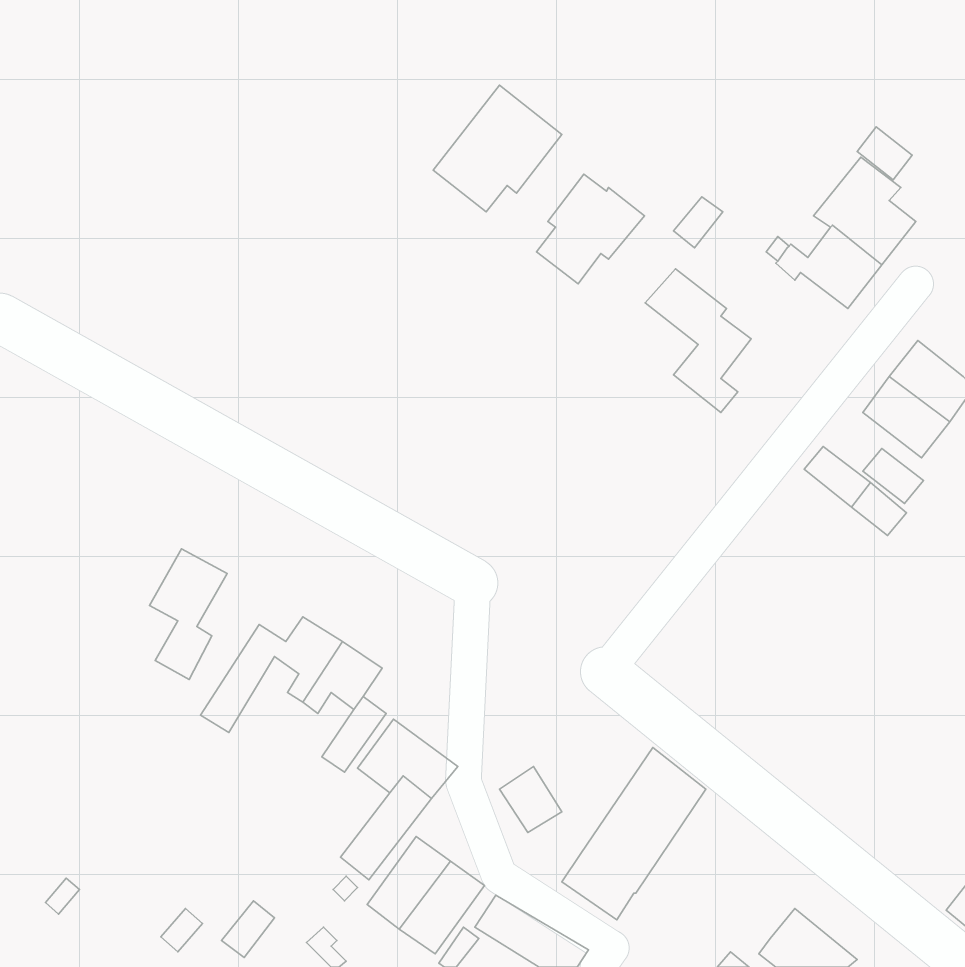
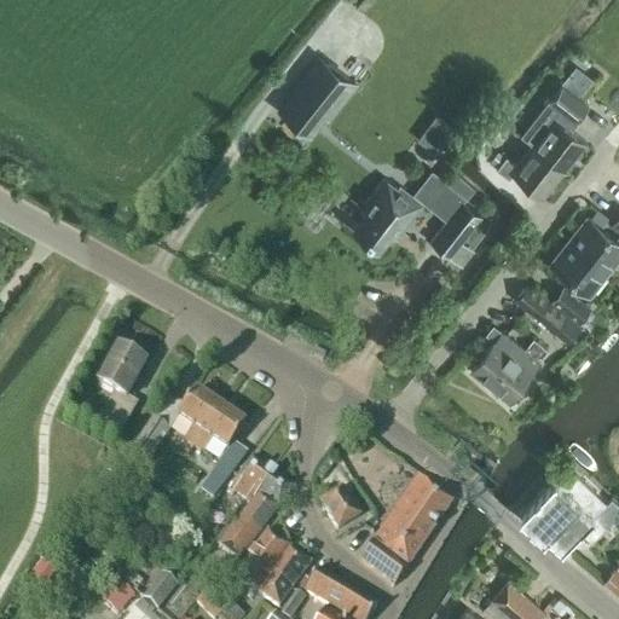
building: [537,174,644,284] -> [354,178,423,248]
building: none -> [472,325,548,399]
building: none -> [523,469,608,549]

